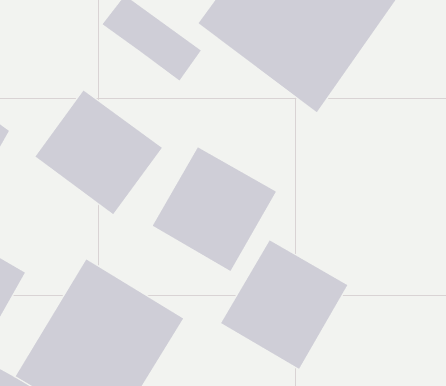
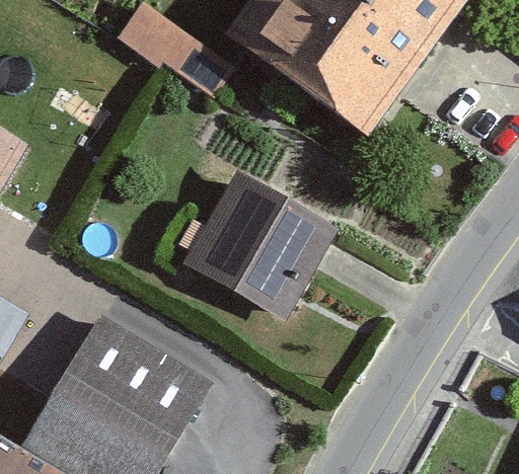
building: [34,90,163,215] -> none
building: [220,239,348,370] -> none

